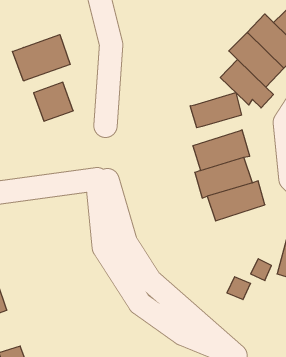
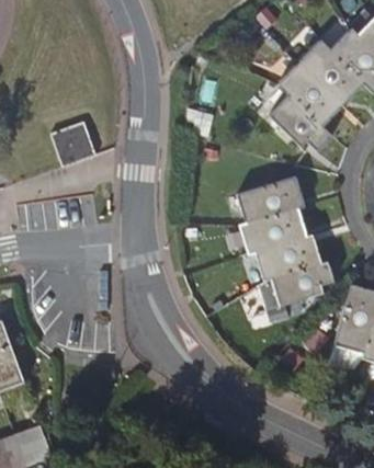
building: [12,35,70,81] -> none
building: [190,93,242,128] -> none
building: none -> [259,260,335,310]

